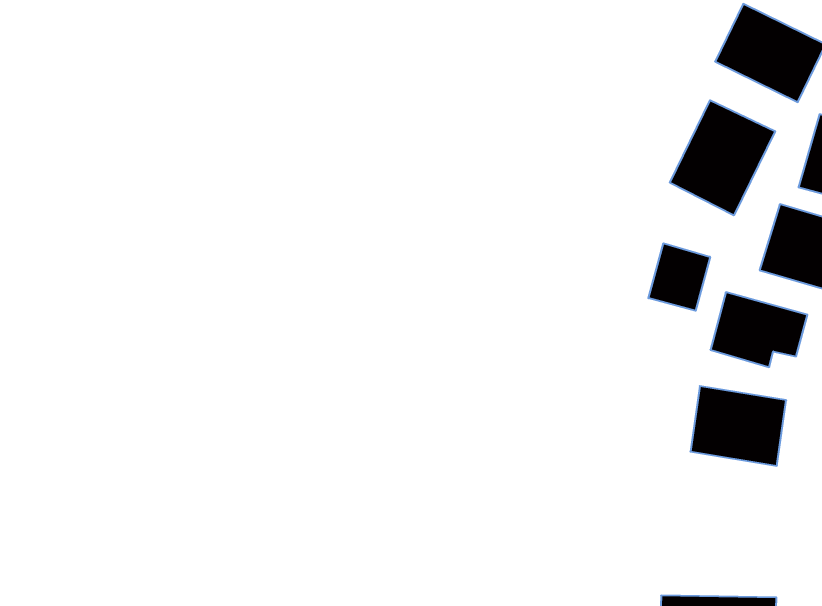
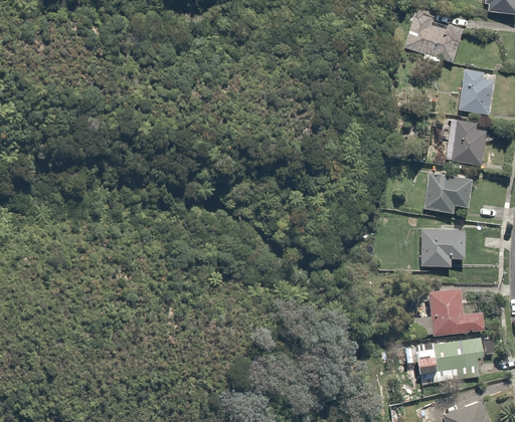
building: [670,100,775,215] -> none
building: [648,243,710,311] -> none
building: none -> [406,287,485,338]

